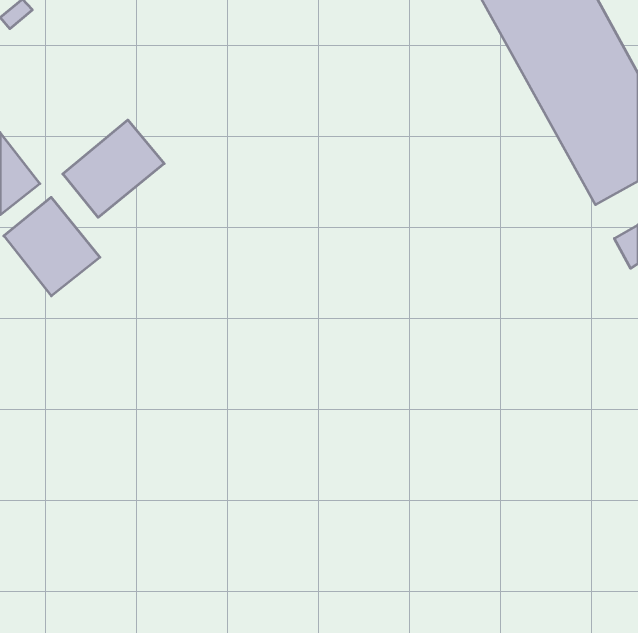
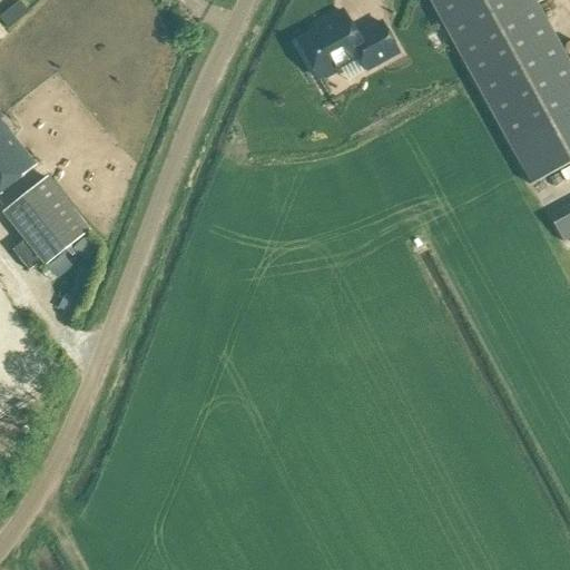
building: none -> [297,10,397,76]
building: [63,120,164,217] -> none

